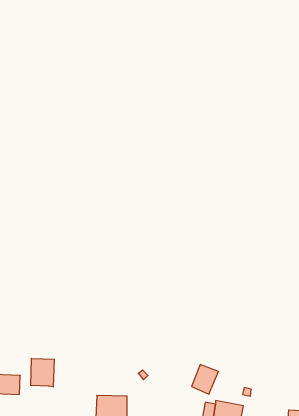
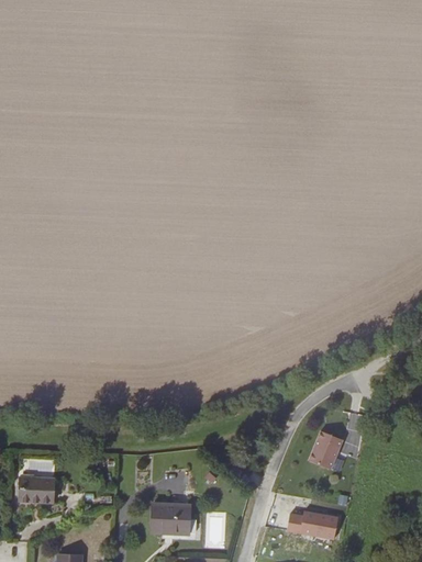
building: [31,358,54,387] -> none
building: [192,365,219,394] -> [310,430,344,468]

